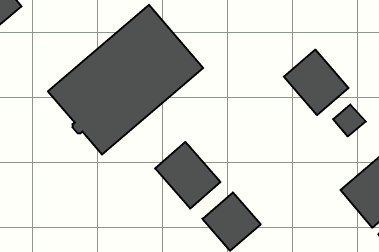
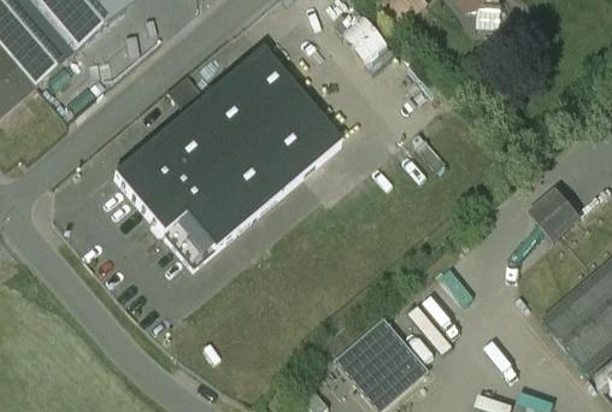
building: [284,50,349,115] -> none
building: [155,142,220,209] -> none

